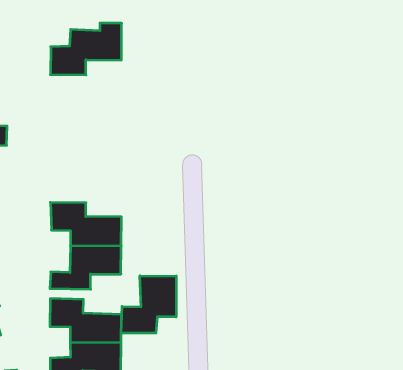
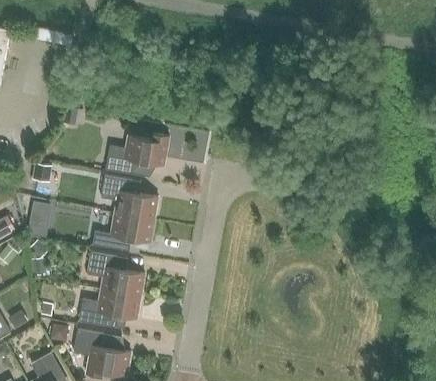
building: [50,23,122,75] -> [105,134,168,173]
building: [121,276,176,333] -> none

